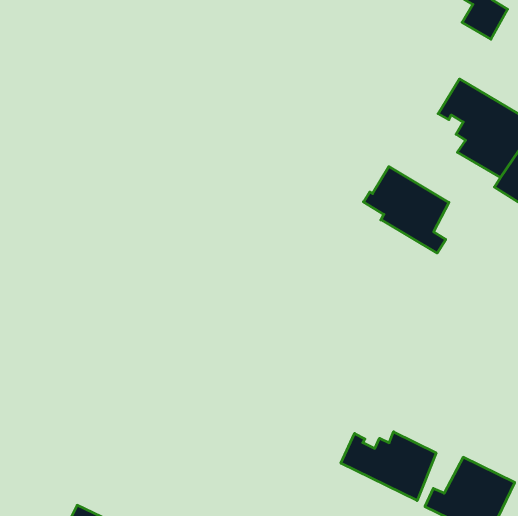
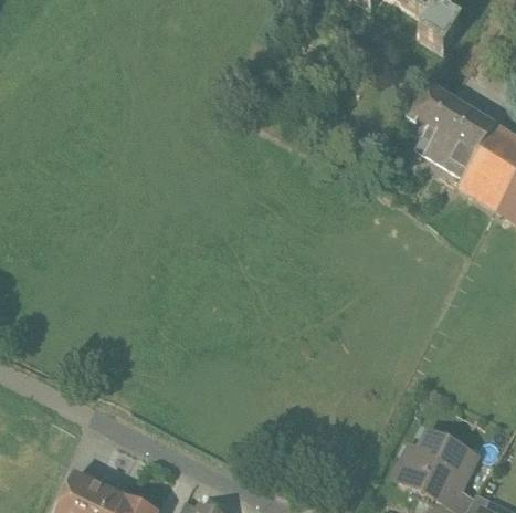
building: [363,167,449,253] -> none
building: [341,432,436,501] -> none

